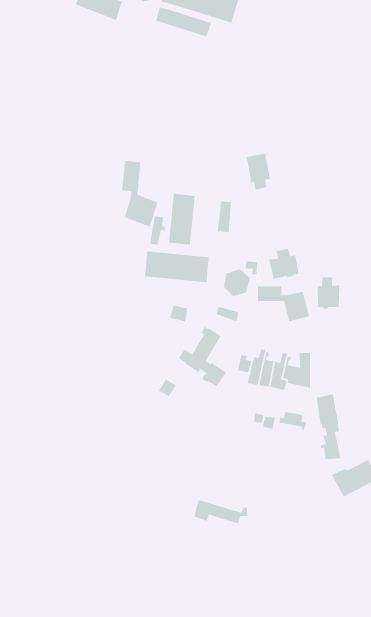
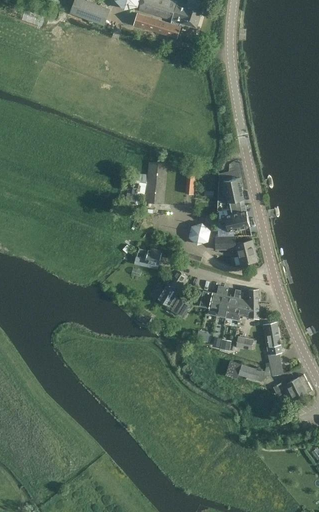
building: [246,153,271,191] -> [223,178,243,208]
building: [121,160,158,228] -> none
building: [144,250,210,283] -> none
building: [317,277,340,309] -> none
building: [193,499,248,524] -> [225,361,269,381]

